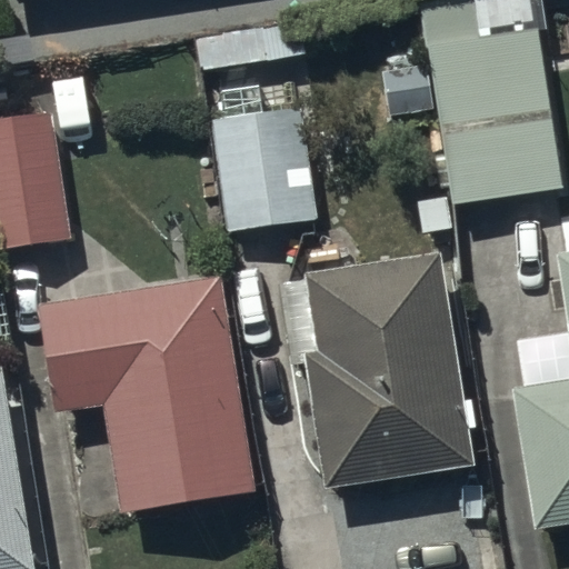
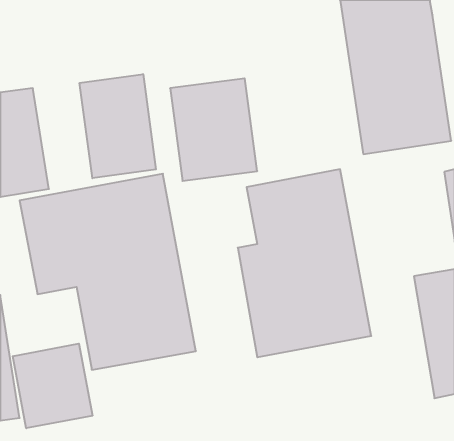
building: none -> [80,74,156,178]
building: none -> [13,344,92,428]

